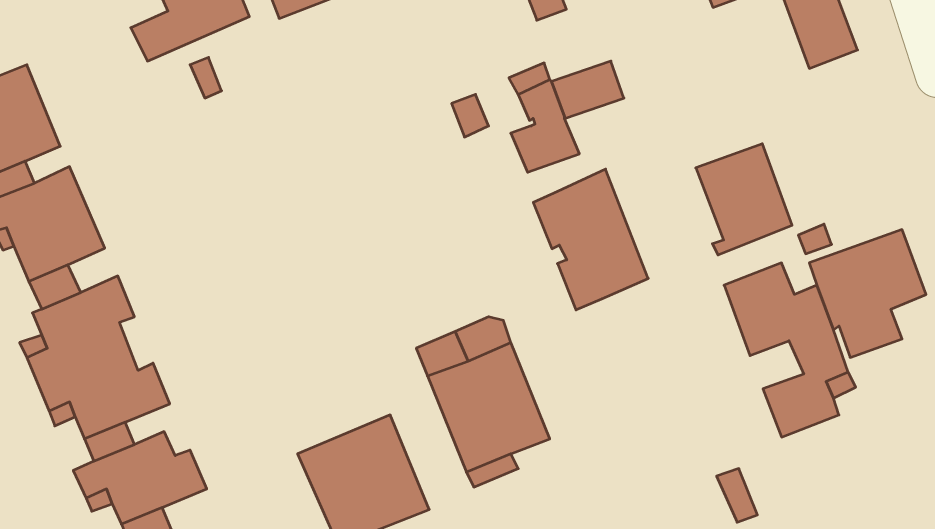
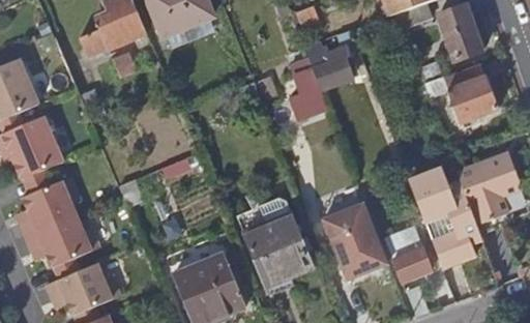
building: [696,144,792,255] -> [443,62,497,124]
building: [533,169,648,310] -> [324,202,388,281]
building: none -> [385,231,432,282]

